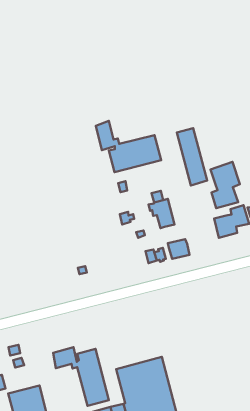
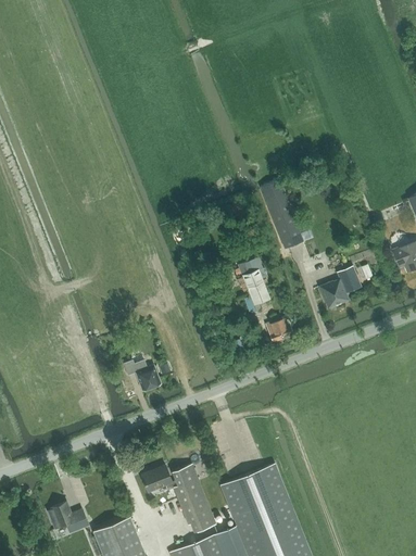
building: [96,121,161,172] -> none
building: [210,162,240,208] -> none
building: none -> [129,359,161,391]

